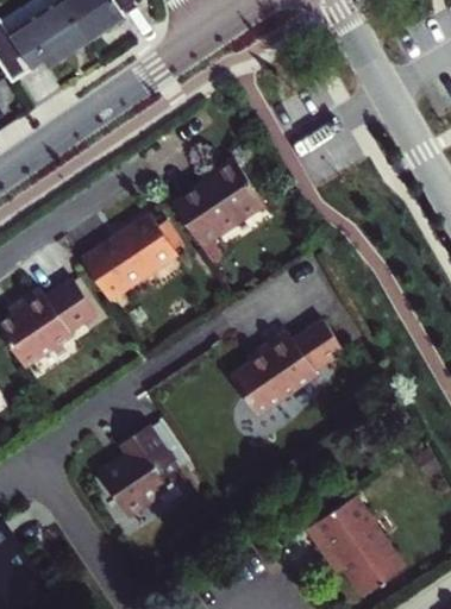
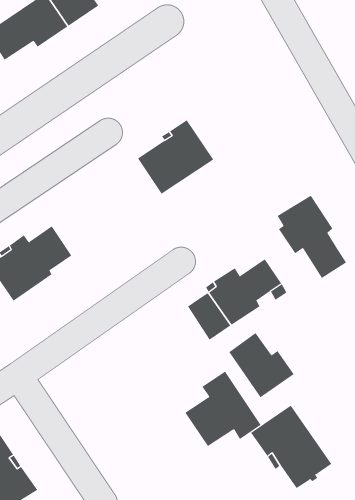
building: [79,214,175,300] -> none
building: none -> [277,195,347,279]
building: none -> [228,332,294,398]
building: [100,423,192,514] -> [185,371,261,447]

